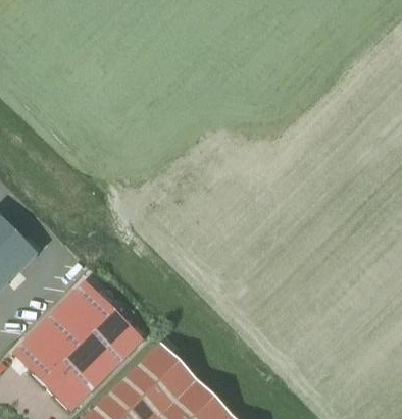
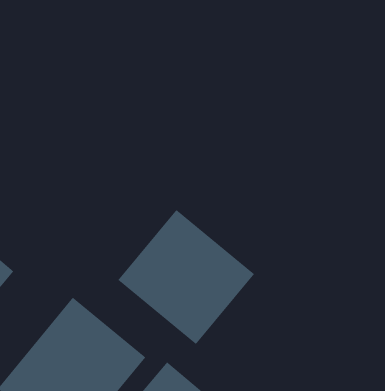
building: none -> [118,209,255,345]

